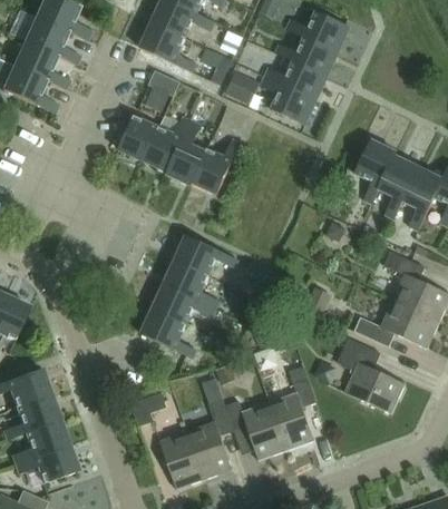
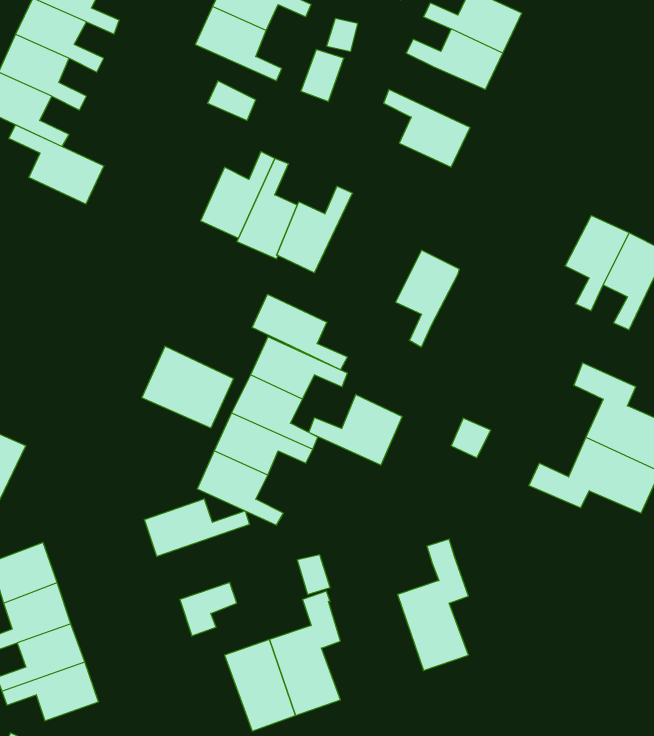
building: [264,61,327,100] -> none
building: [223,71,257,104] -> none
building: none -> [9,125,104,204]
building: [118,115,158,160] -> none
building: [354,141,396,204] -> [396,250,459,347]
building: none -> [252,294,347,370]
building: none -> [142,346,233,428]
building: none -> [309,394,402,465]
building: [338,337,405,412] -> none
building: none -> [144,499,250,557]
building: [225,400,286,460] -> none

